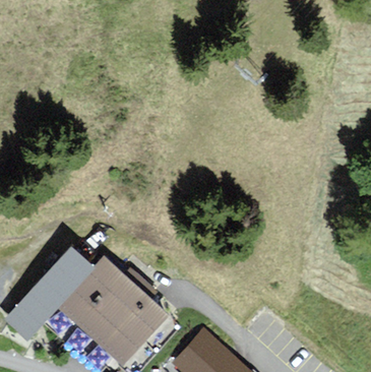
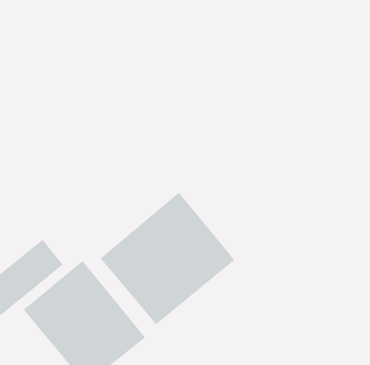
building: none -> [100,192,235,325]

